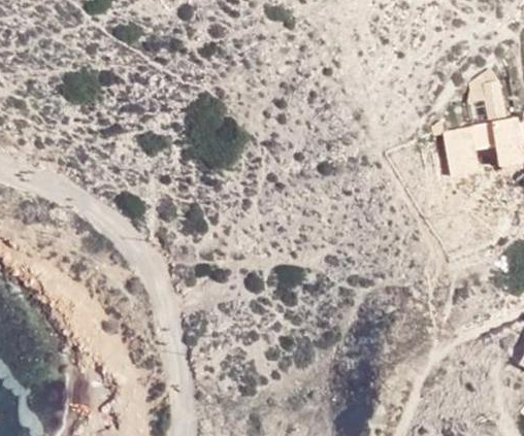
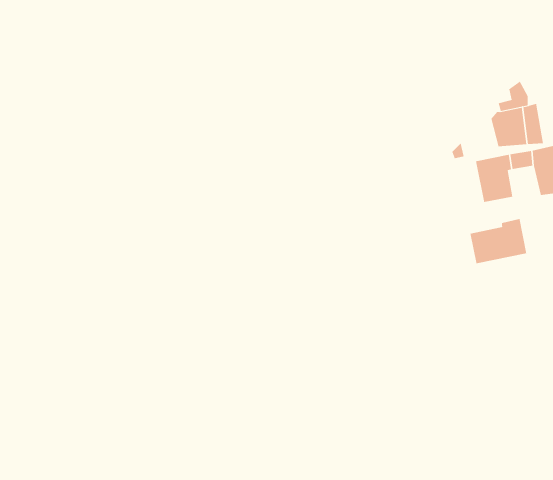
building: none -> [470,218,527,264]

